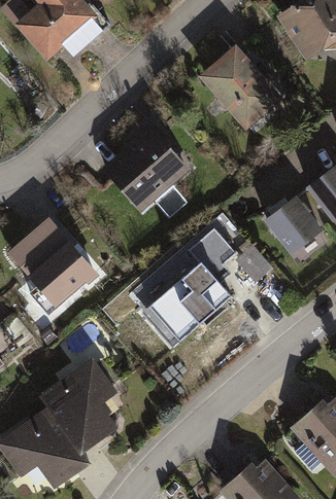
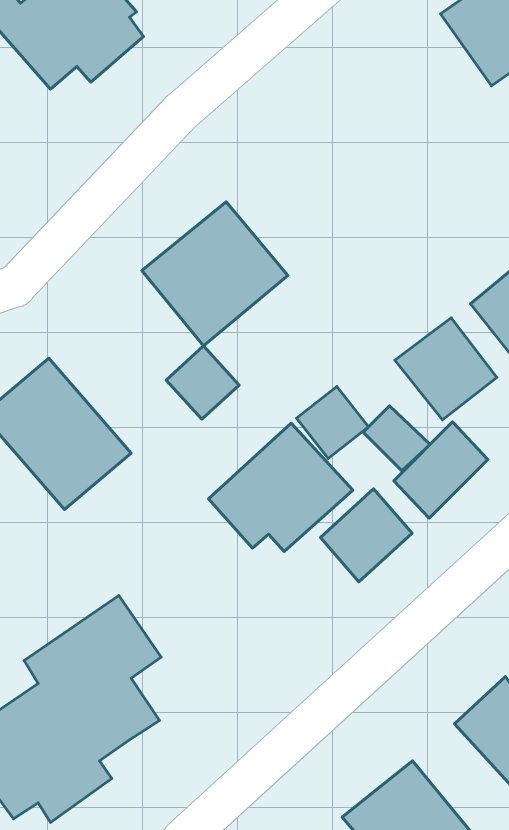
building: [203,43,288,130] -> none
building: none -> [166,346,239,419]
building: none -> [394,422,488,518]
building: none -> [320,489,412,582]

